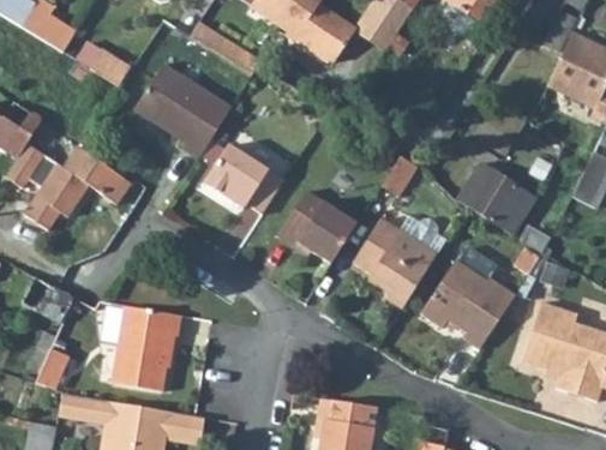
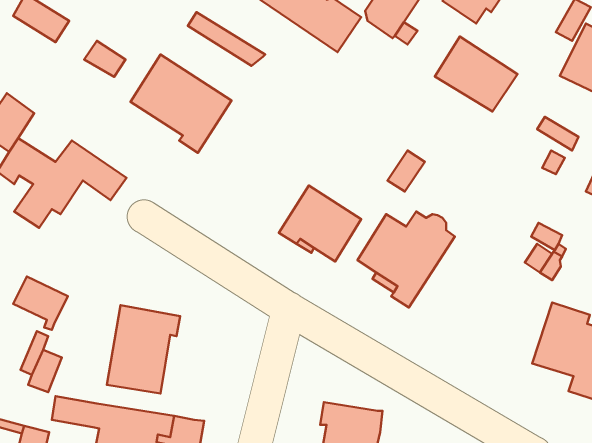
building: [204,144,284,214] -> none
building: [457,162,536,234] -> [435,37,517,111]
building: [420,246,515,348] -> none

